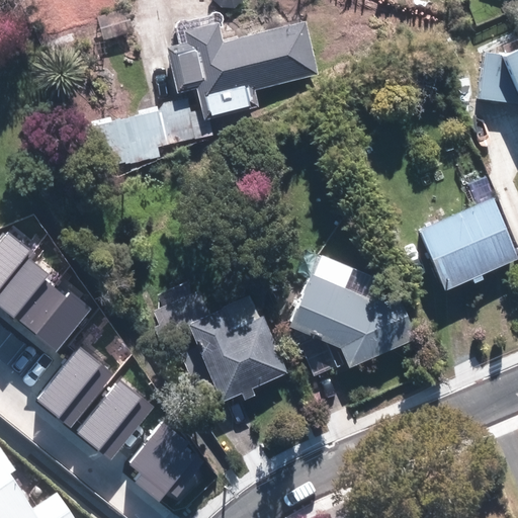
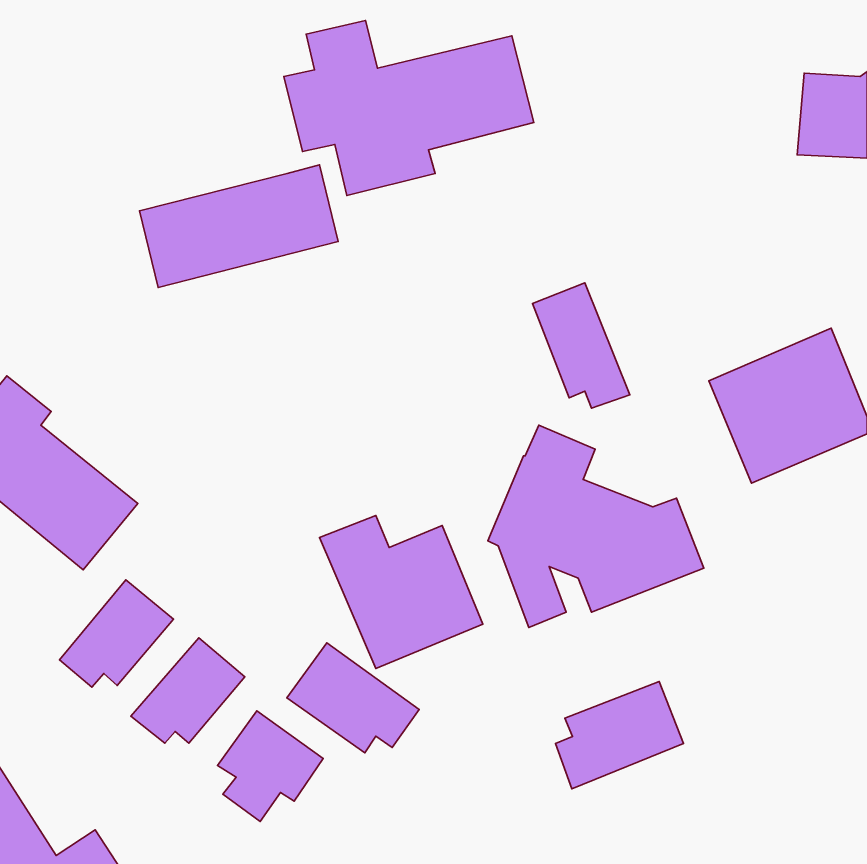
building: none -> [532,283,630,408]
building: none -> [287,643,419,753]
building: none -> [556,681,684,789]

